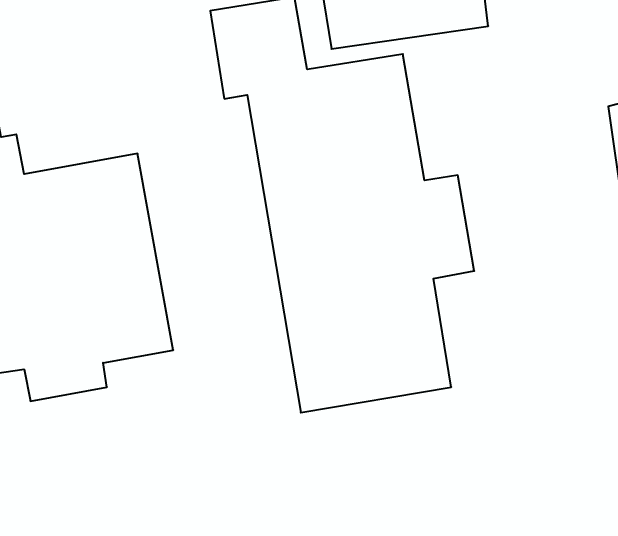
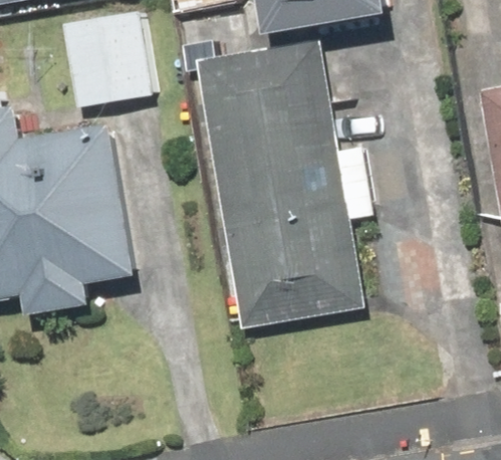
building: none -> [60,6,159,107]

